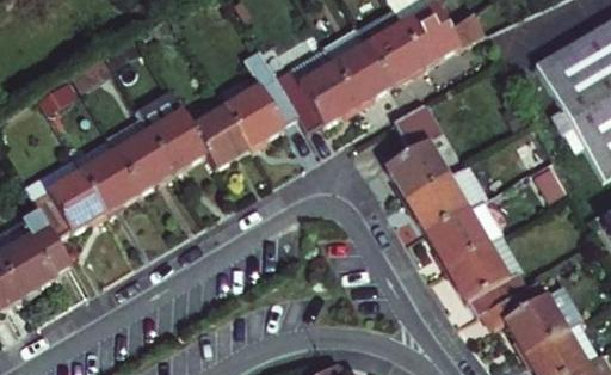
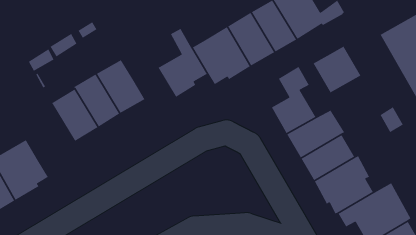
building: none -> [313,46,362,94]
building: [193,109,252,171] -> none
building: [26,159,109,240] -> none

